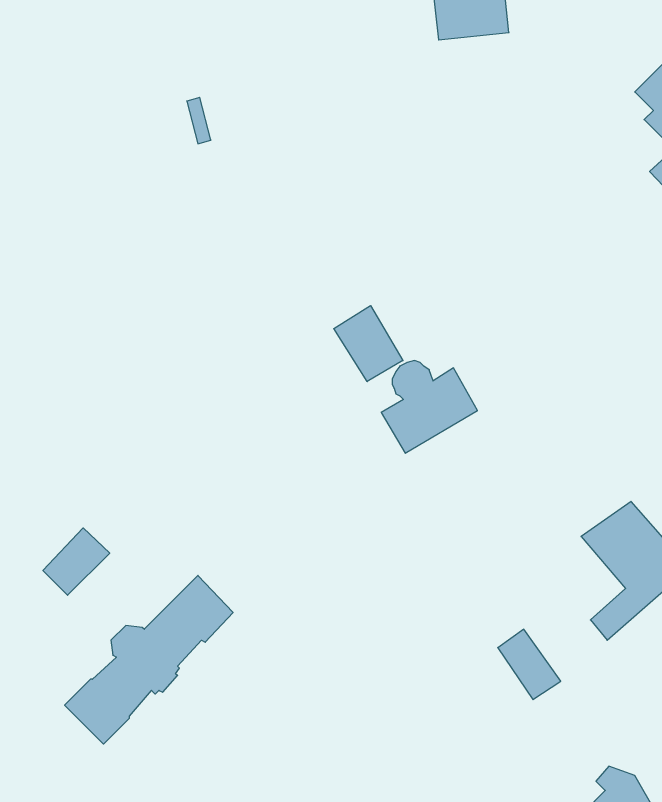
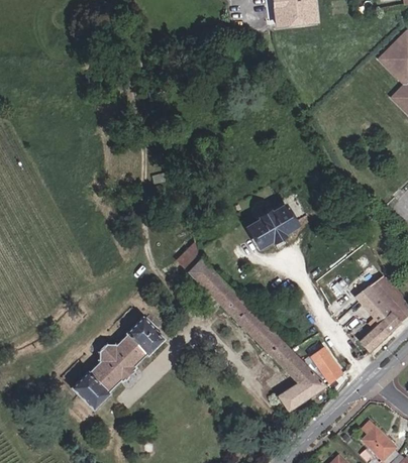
building: [334,306,403,382] -> none
building: none -> [179,244,325,411]
building: [43,528,110,595] -> none

